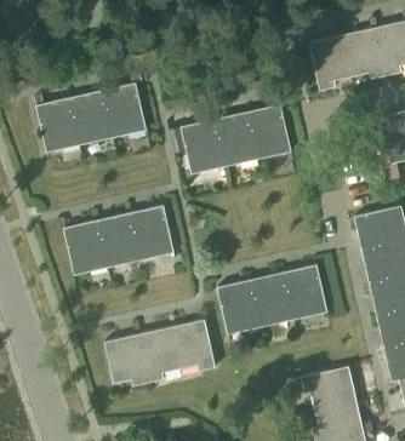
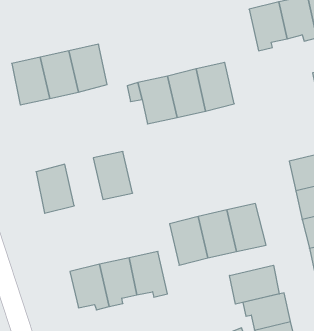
building: [97,212,141,267] -> none
building: none -> [230,265,279,304]

